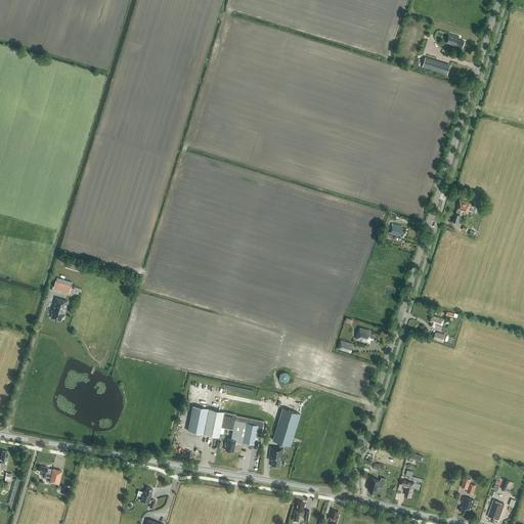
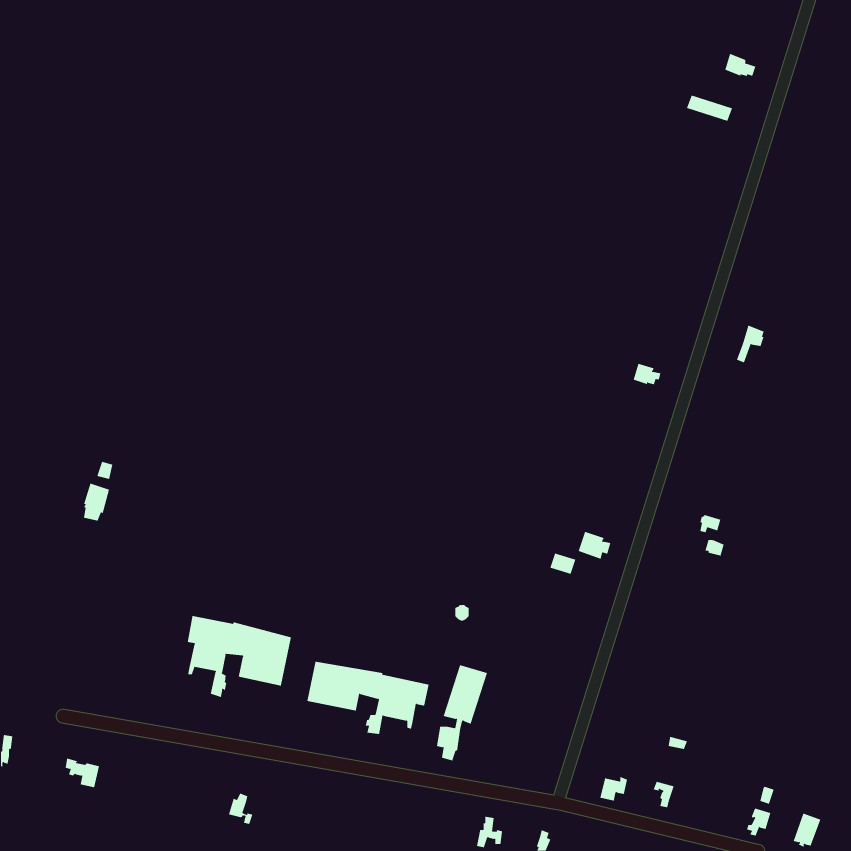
building: none -> [187,615,292,698]

